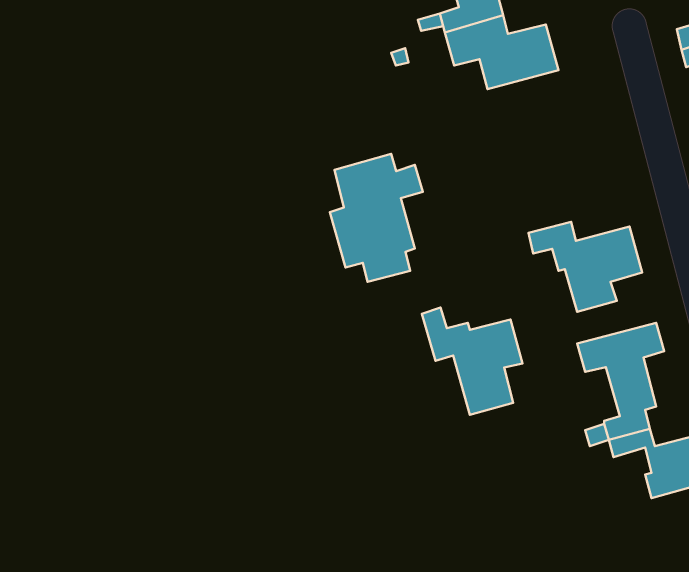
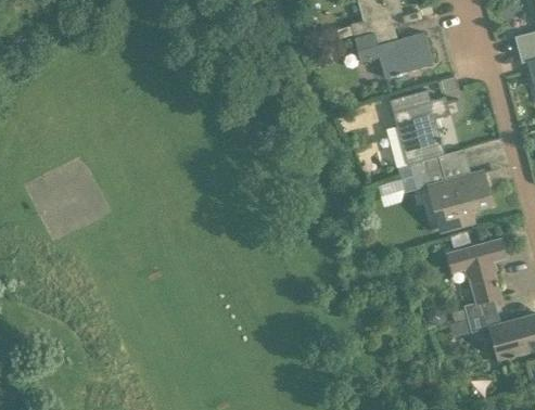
building: [330,154,423,282] -> [386,89,450,177]
building: [422,307,523,415] -> none

